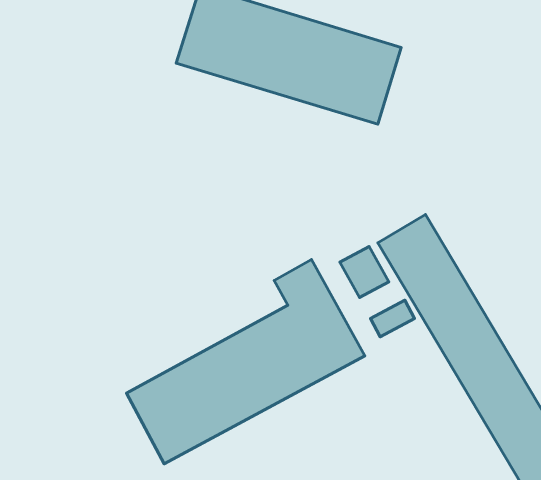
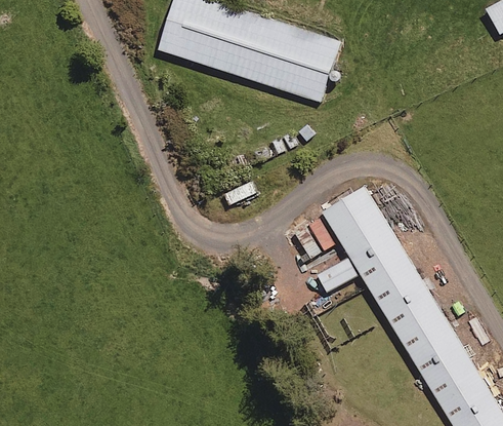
building: [126,260,365,464] -> none

